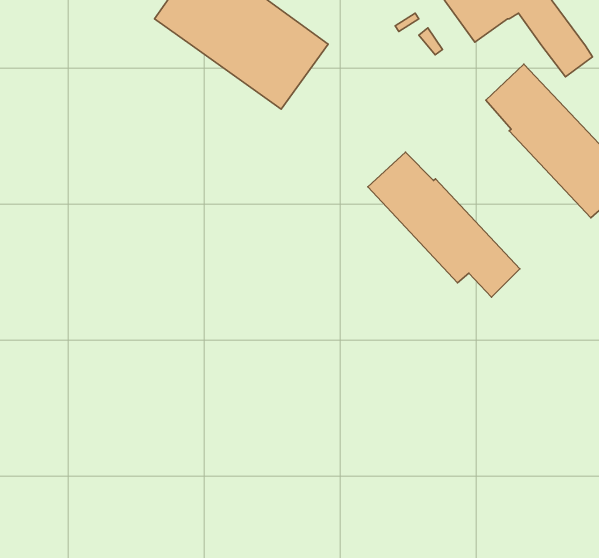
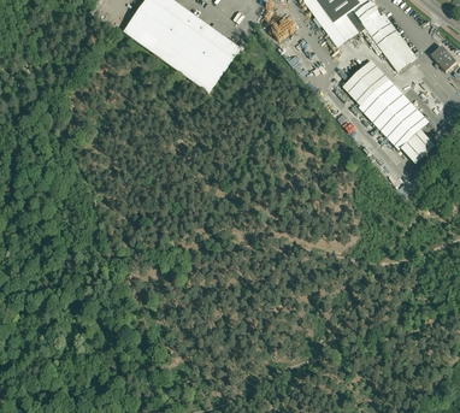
building: [368,152,520,297] -> none

